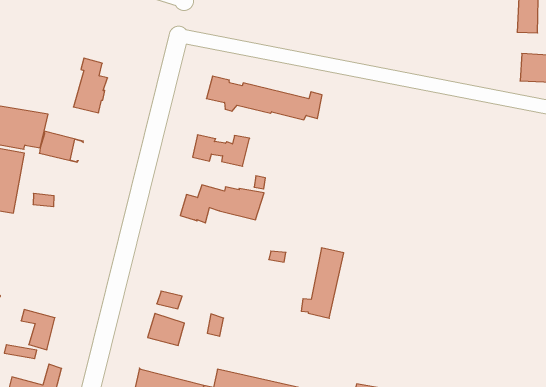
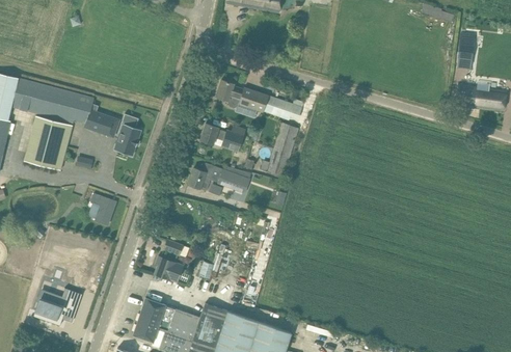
building: [73,58,108,113] -> [113,113,141,156]
building: [301,248,344,318] -> [262,124,298,178]
building: [21,310,55,350] -> [90,193,116,225]

